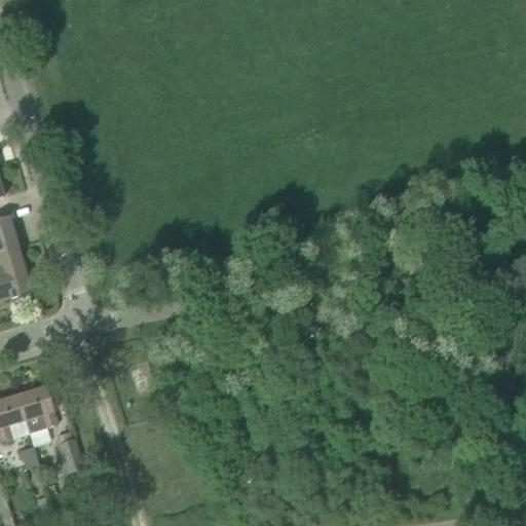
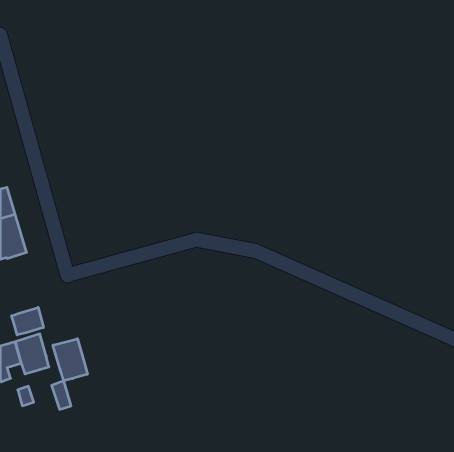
building: none -> [12,307,43,335]
building: none -> [53,339,87,381]

